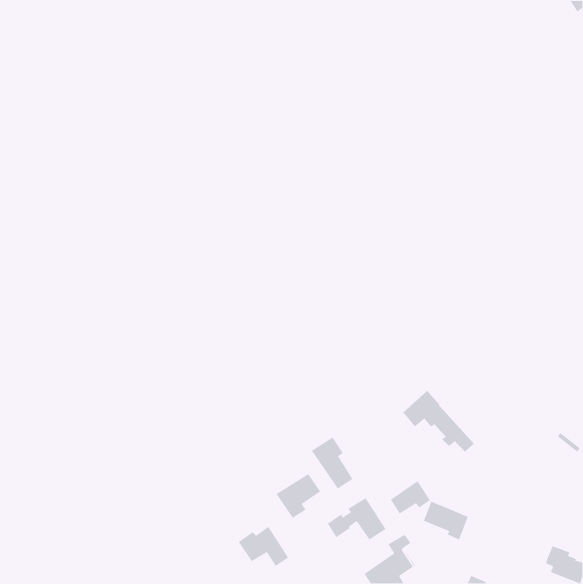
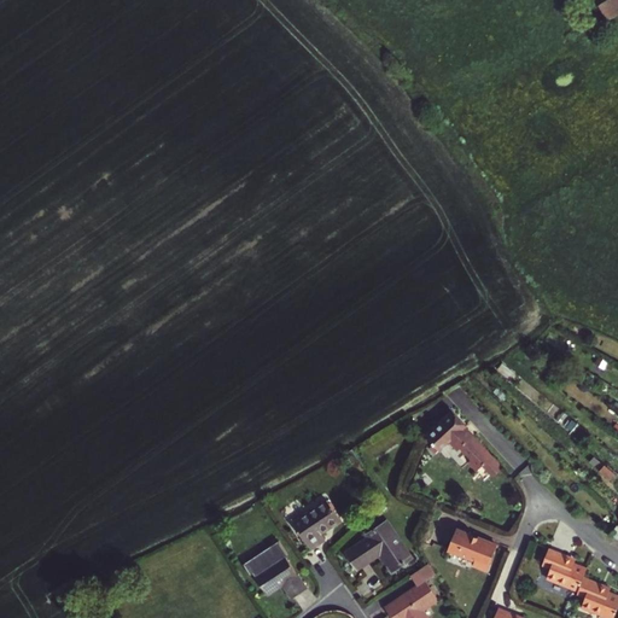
building: [311,436,354,490] -> none
building: [390,480,431,515] -> none
building: none -> [541,549,587,590]

